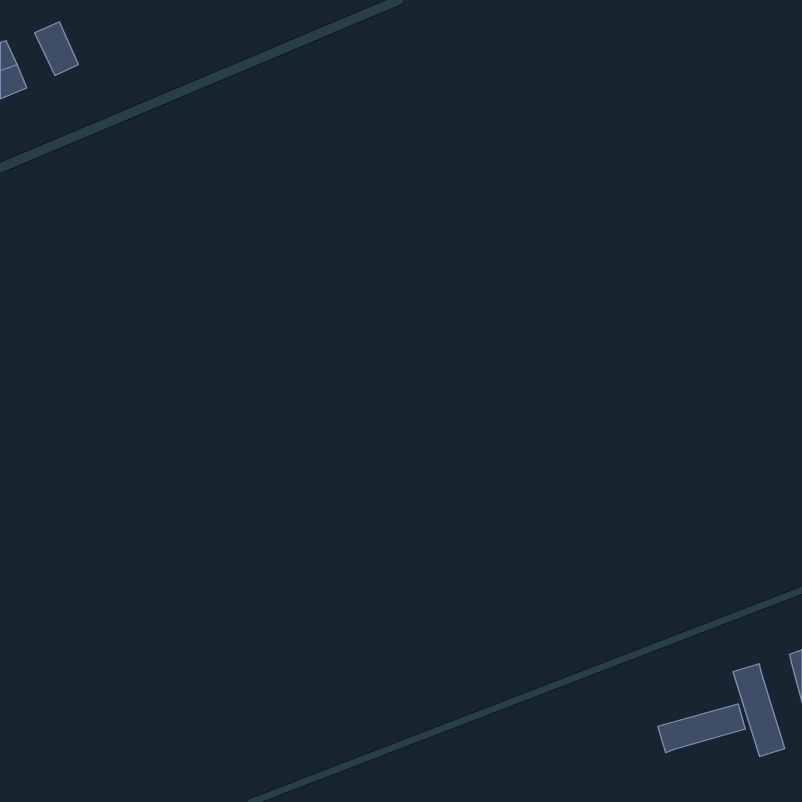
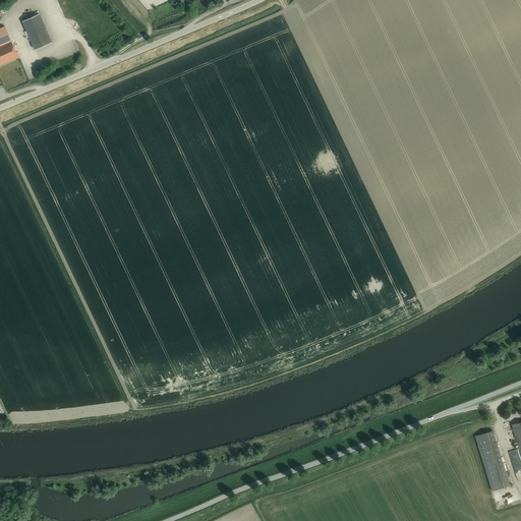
building: [658,704,745,753] -> none

